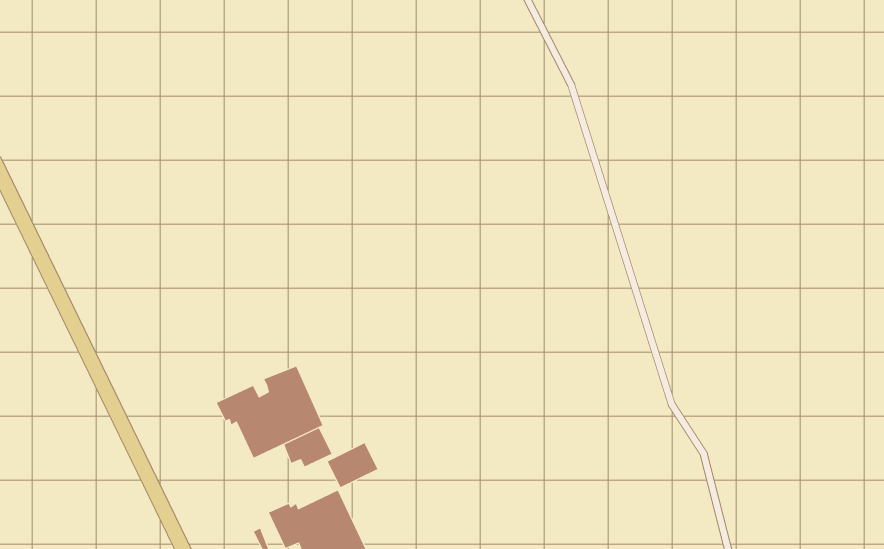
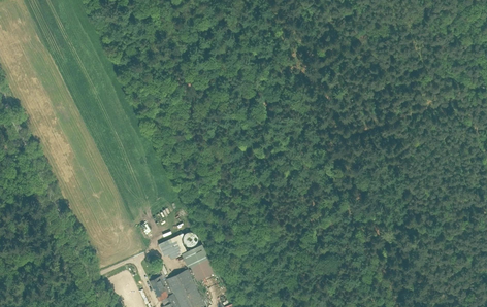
building: [216,366,323,459] -> none

